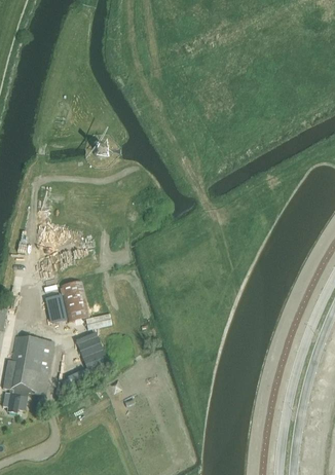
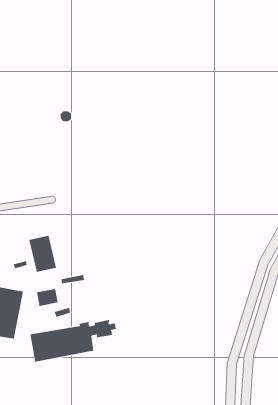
building: none -> [30,319,116,362]

